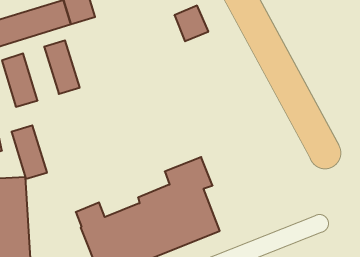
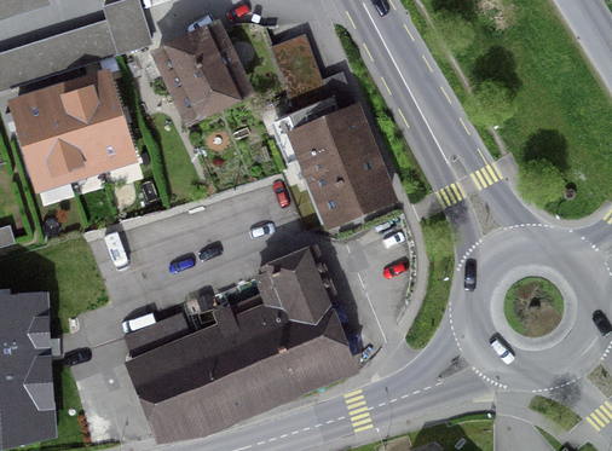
building: none -> [154,31,238,114]
building: none -> [282,77,388,220]
building: [11,125,47,179] -> [44,91,97,170]

